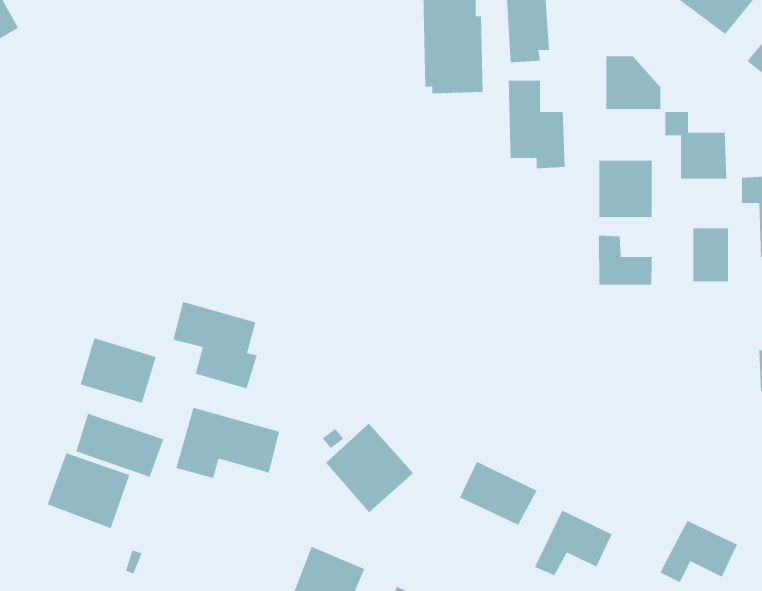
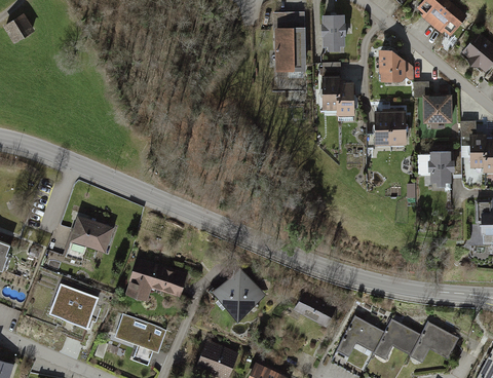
building: [599,235,652,285] -> none
building: [173,301,258,389] -> none
building: [75,413,164,477] -> [115,313,167,351]
building: none -> [374,319,421,358]

